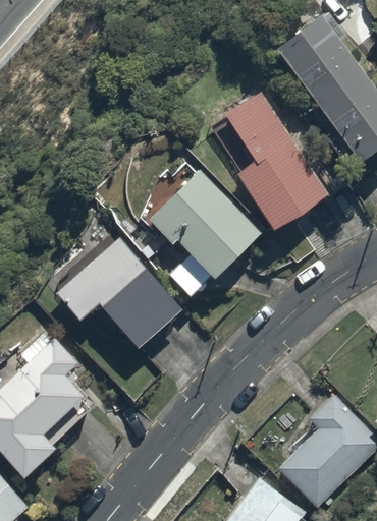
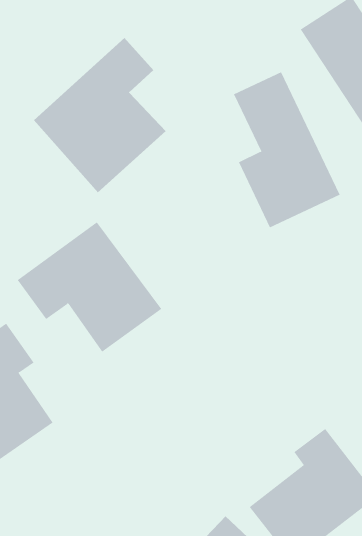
building: none -> [33,37,166,193]
building: [150,172,259,300] -> none

